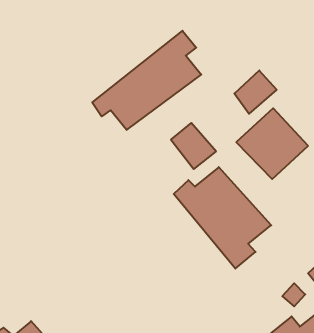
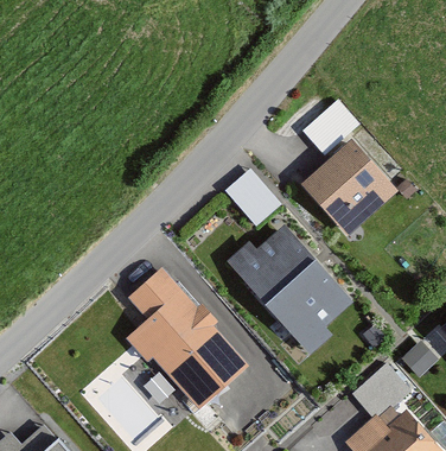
building: [92,31,201,130] -> none
building: none -> [127,272,251,411]

